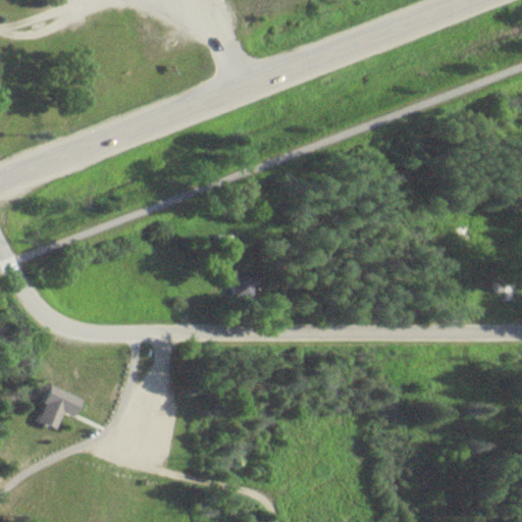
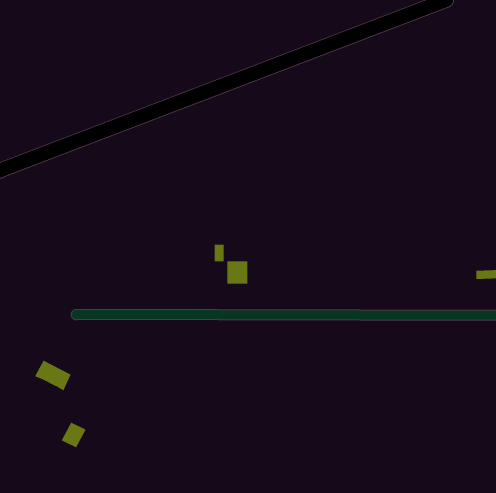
building: [38,403,64,430] -> [61,422,86,448]

